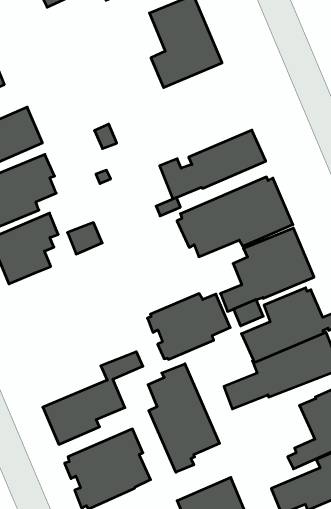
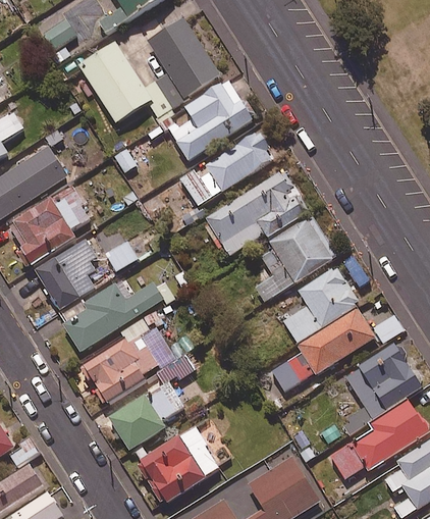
building: none -> [76,40,170,123]
building: none -> [170,80,254,160]
building: none -> [56,282,162,352]
building: [147,294,230,359] -> [79,336,157,404]
building: [148,364,220,472] -> none

